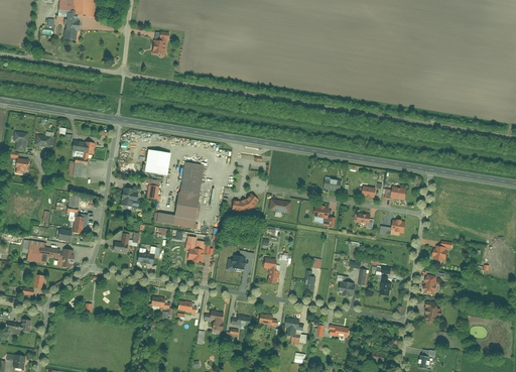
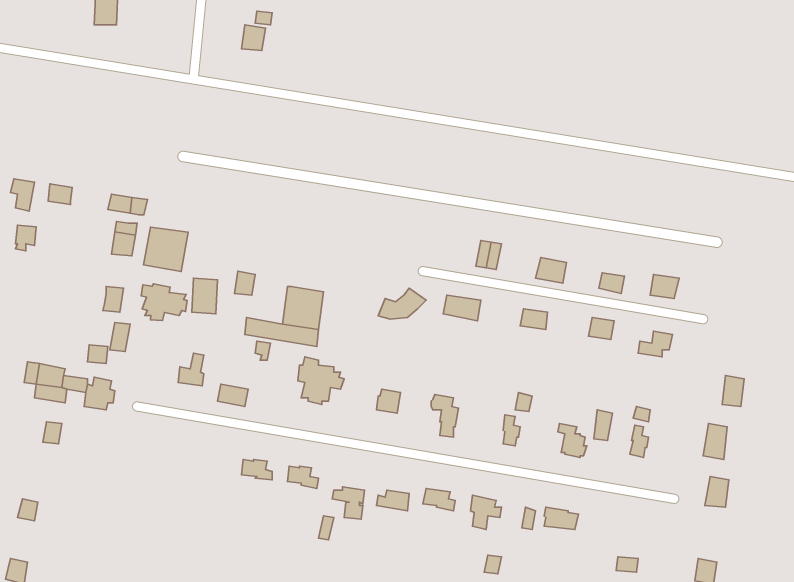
building: [144,149,170,175] -> [144,227,188,272]
building: [180,161,205,197] -> none
building: none -> [141,284,187,320]

